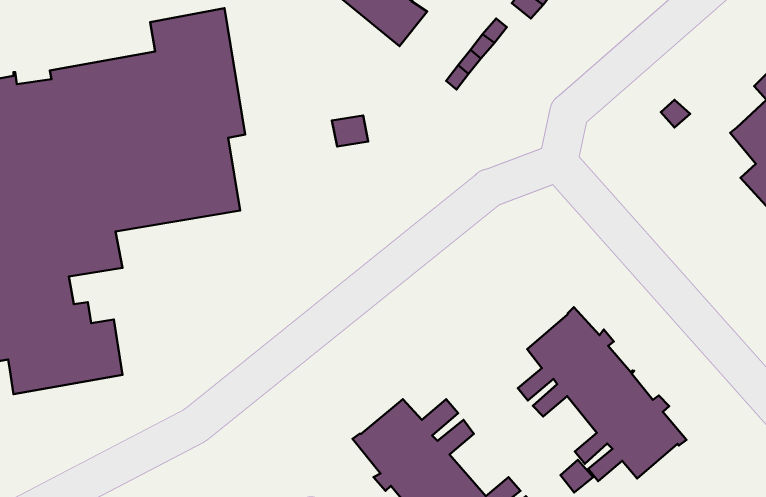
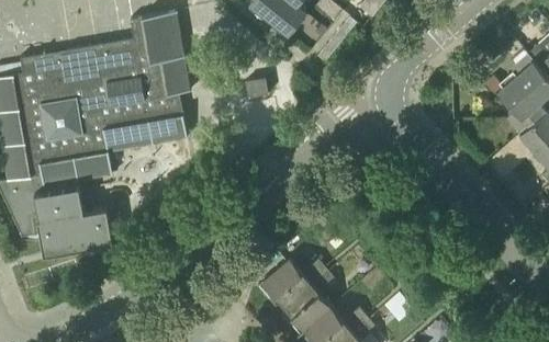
building: [518,307,687,481] -> none

